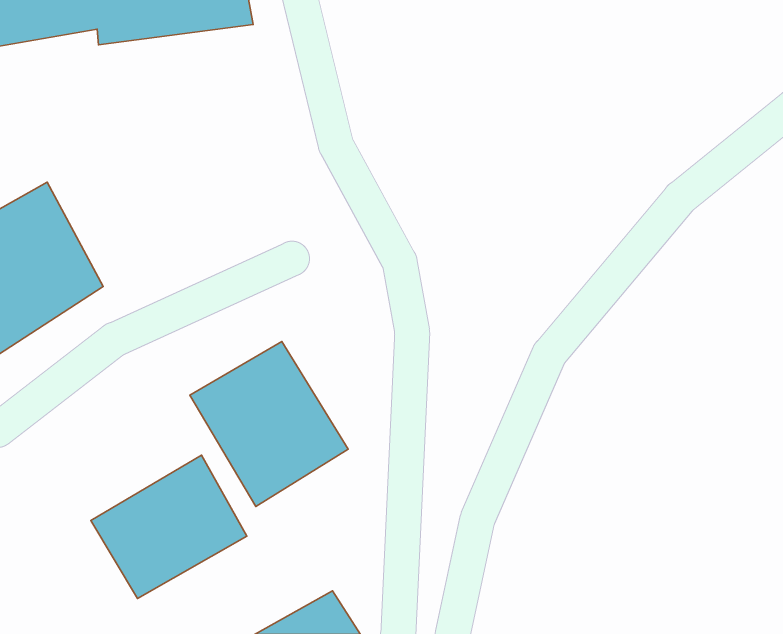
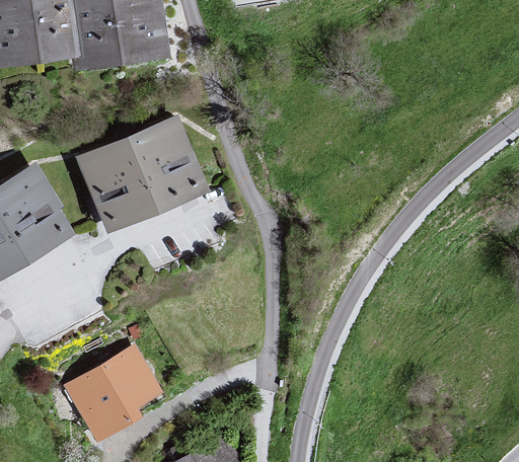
building: none -> [75,117,205,232]
building: [190,341,348,506] -> none

